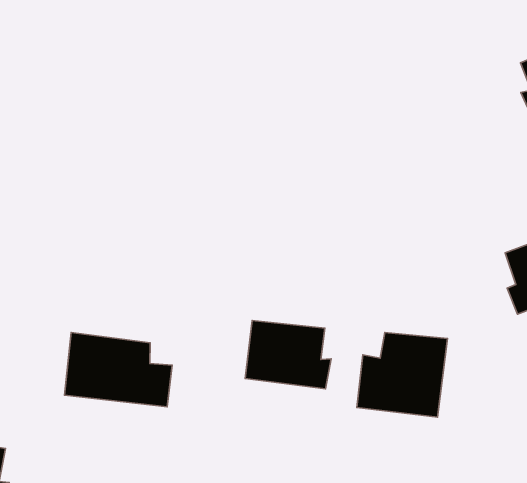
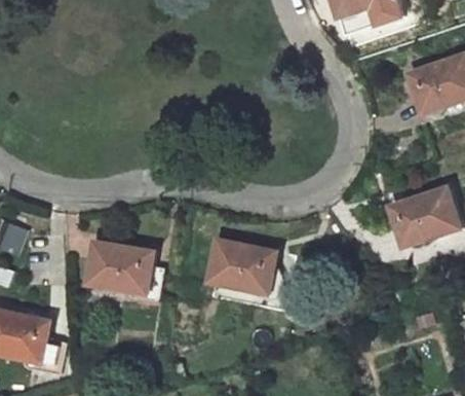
building: [357,332,447,417] -> none

